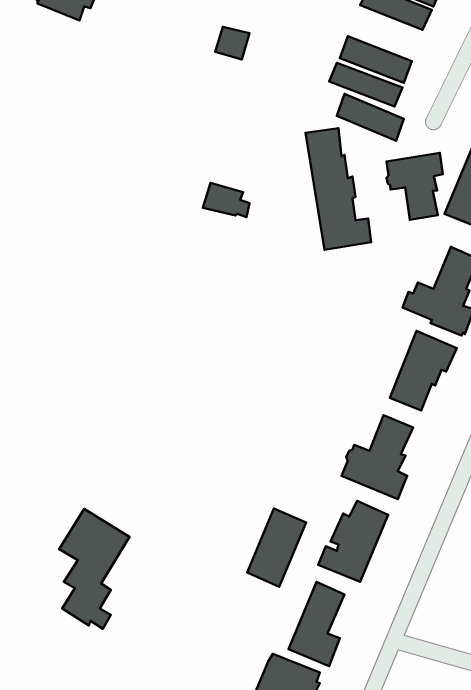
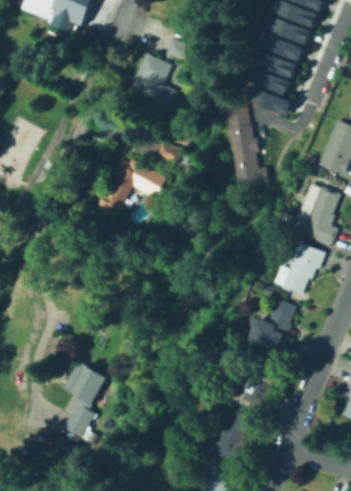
building: none -> [253,28,302,59]
building: none -> [137,54,180,108]
building: [386,153,443,220] -> none
building: none -> [98,159,167,221]
building: [247,508,306,587] -> none

